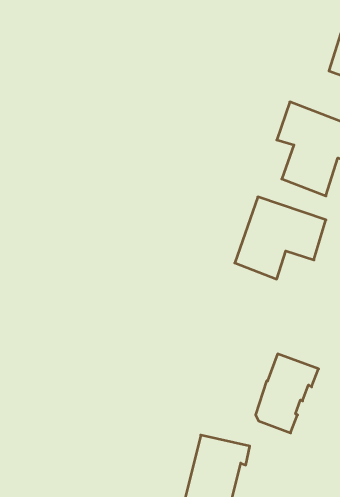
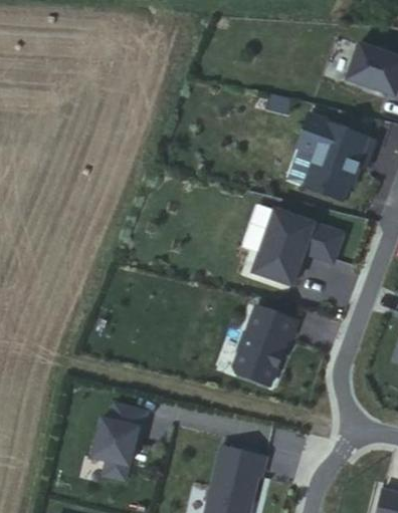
building: [256,354,319,433] -> [232,306,295,386]
building: none -> [89,402,145,485]

